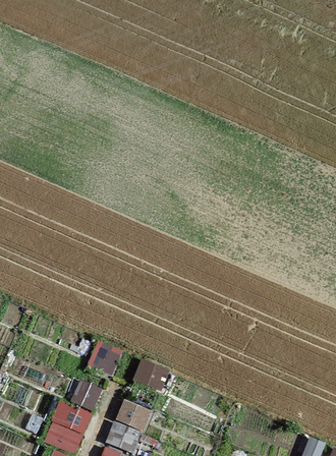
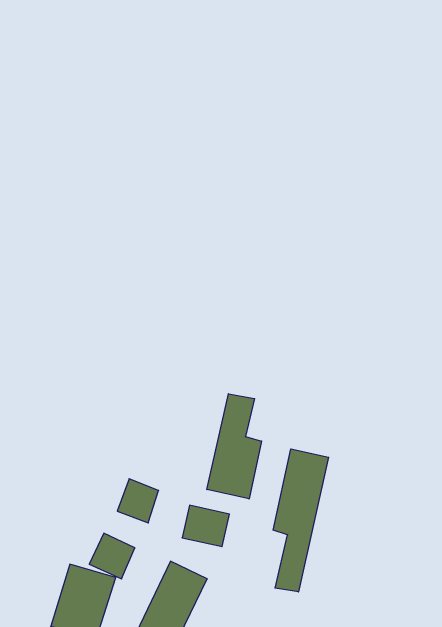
building: none -> [207,394,262,499]
building: none -> [273,449,329,592]

